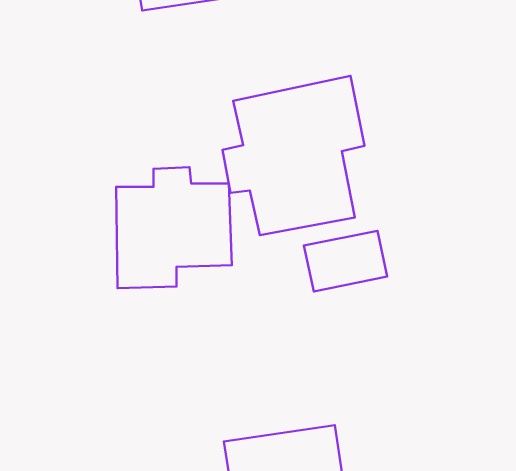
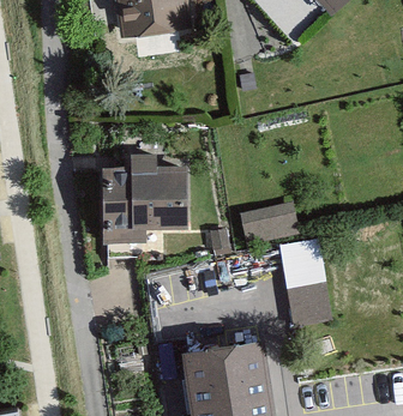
building: [223,76,364,235] -> none
building: none -> [282,237,329,322]

